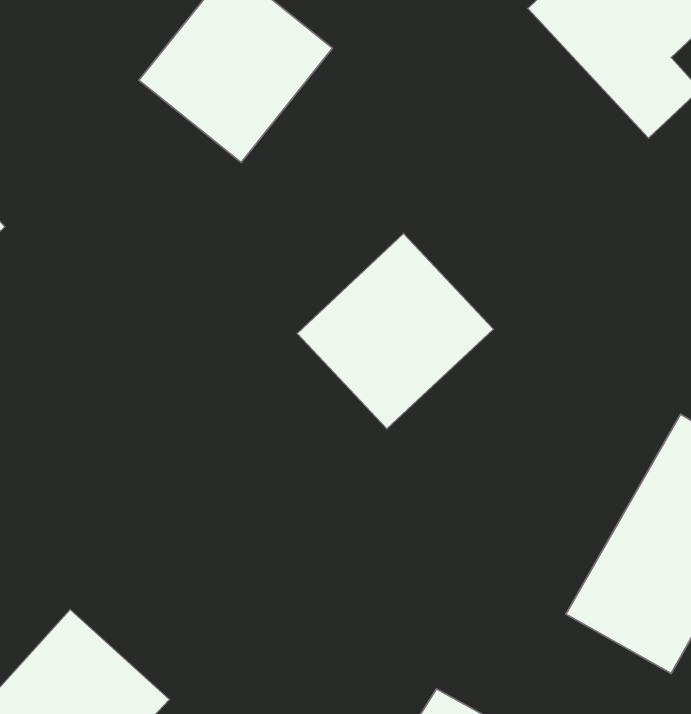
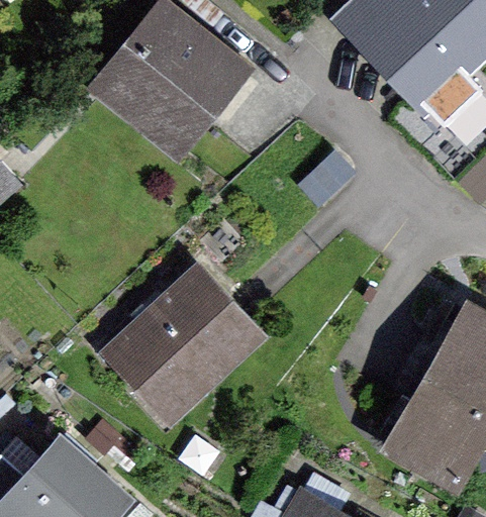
building: [297,234,494,429] -> none
building: none -> [106,266,253,410]

